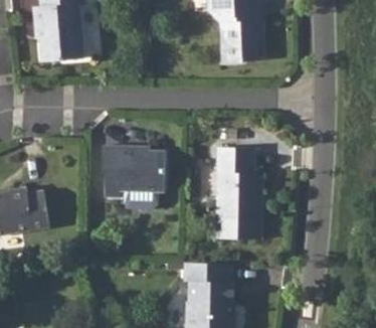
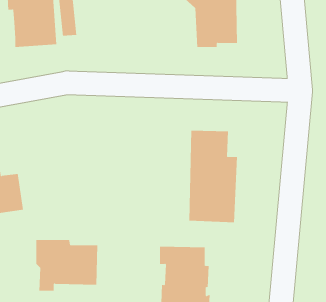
building: [102,146,164,197] -> [35,240,98,291]

